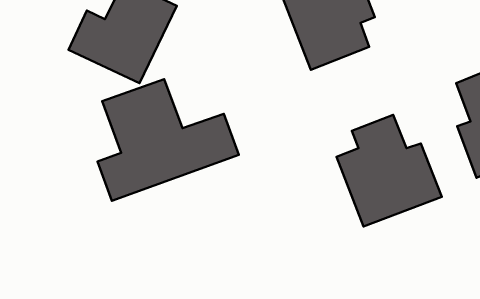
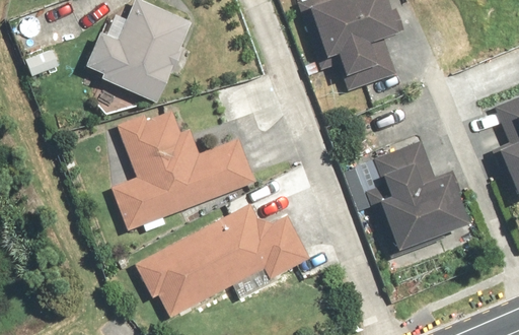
building: none -> [133,200,313,322]

